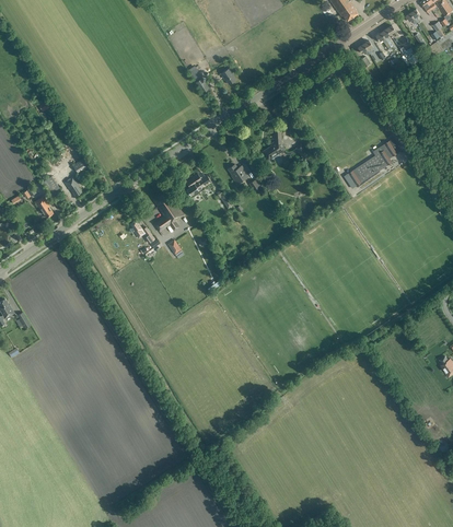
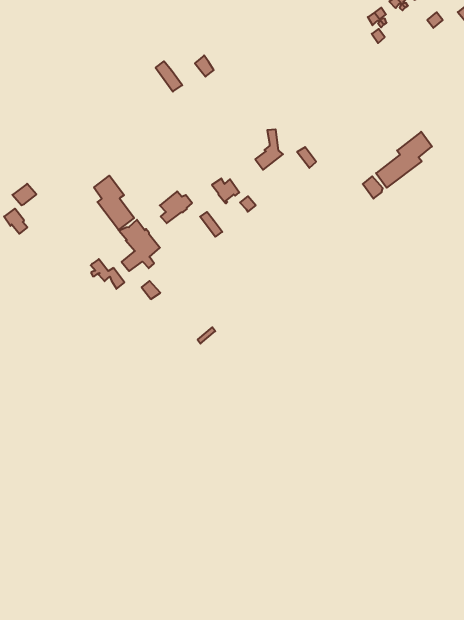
building: none -> [94,176,134,230]

